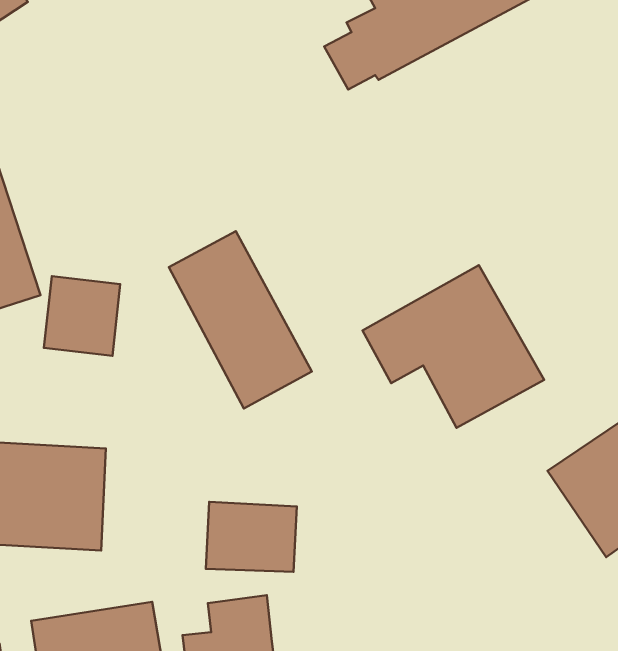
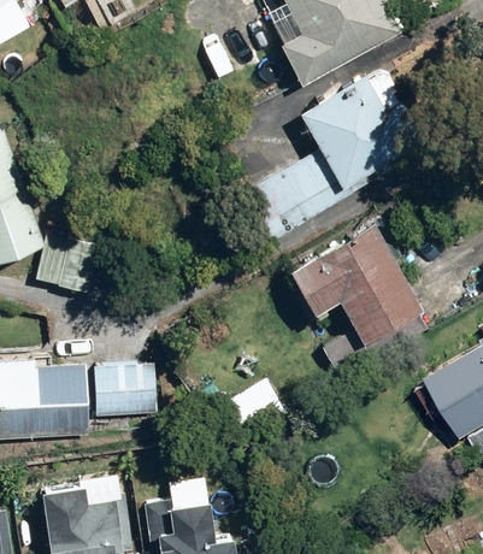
building: none -> [242,78,410,242]
building: [169,231,312,409] -> none
building: [206,502,297,572] -> [95,361,164,414]

